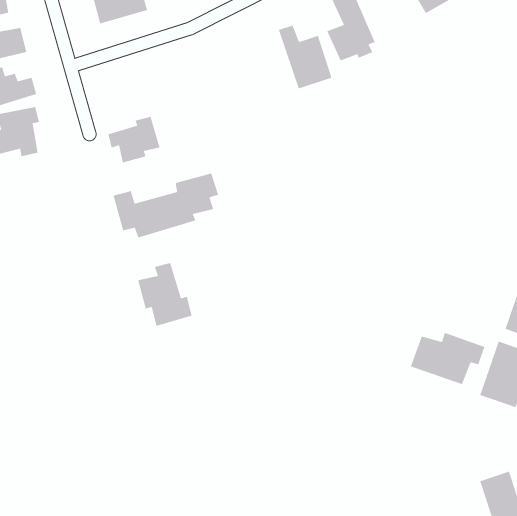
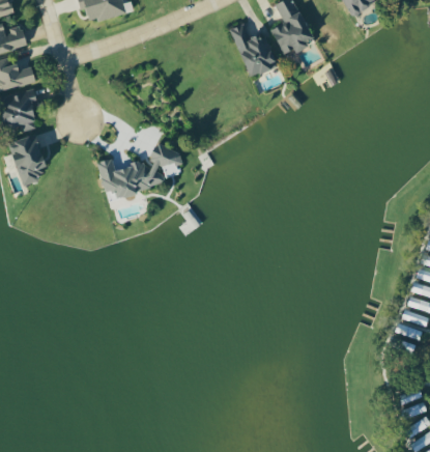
building: [107,116,160,163] -> none
building: none -> [10,135,47,186]
building: [137,262,193,327] -> none
building: [410,332,485,385] -> none

